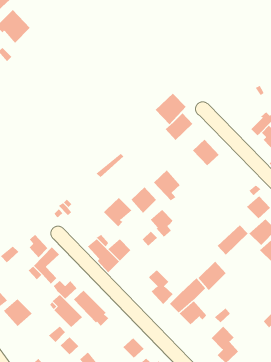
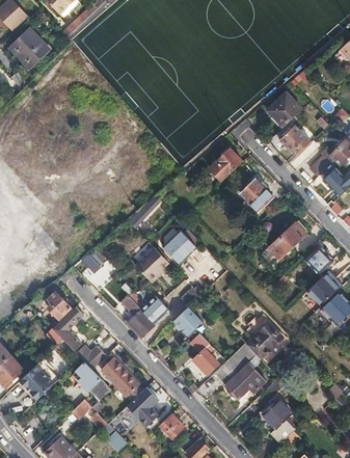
building: none -> [267,92,301,127]
building: none -> [279,125,311,155]
building: [155,93,186,125] -> none
building: [153,170,180,201] -> none
building: [150,209,174,237] -> [172,308,200,342]
building: [217,225,249,255] -> [268,223,305,260]
building: none -> [127,387,158,426]

